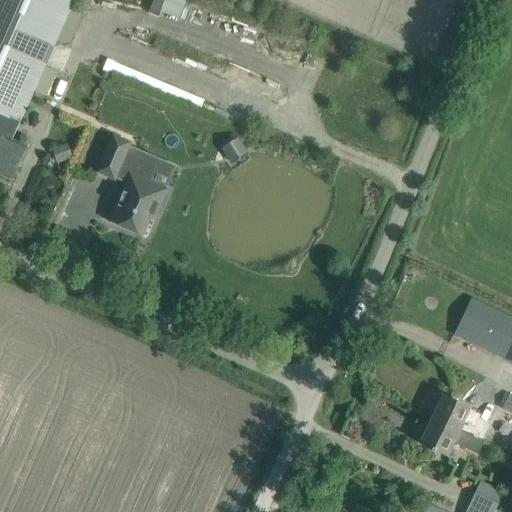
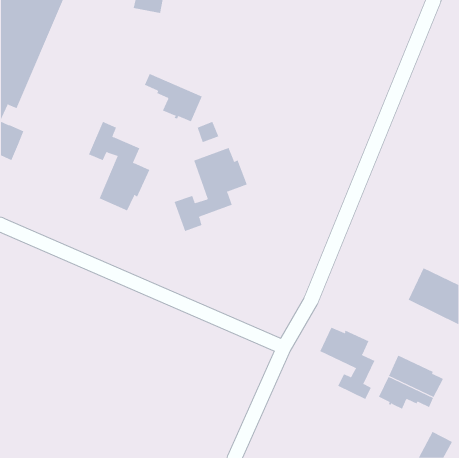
building: none -> [144,73,202,122]
building: none -> [174,147,248,232]
building: none -> [320,327,375,400]

